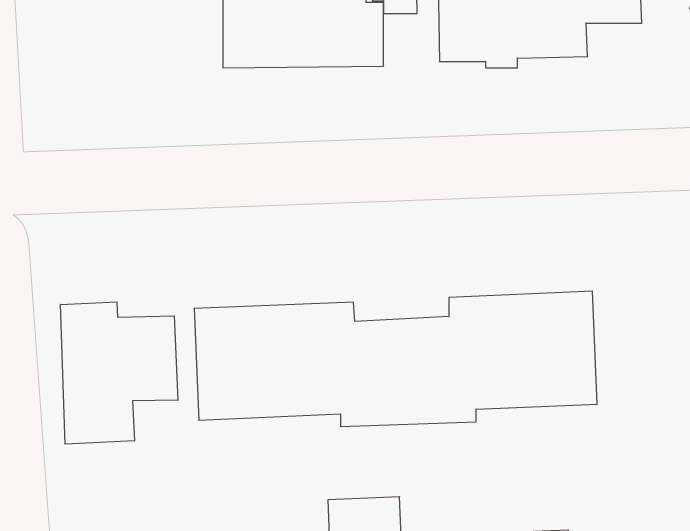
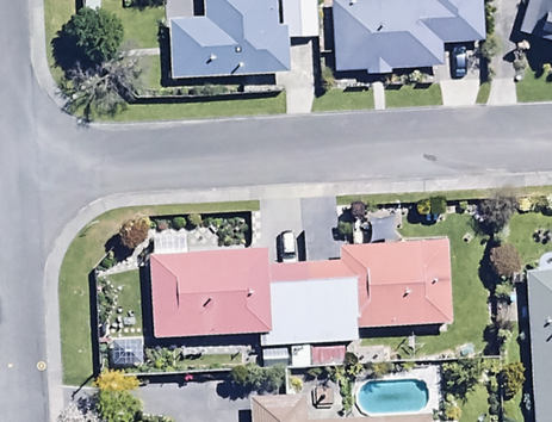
building: [60,302,178,444] -> none

